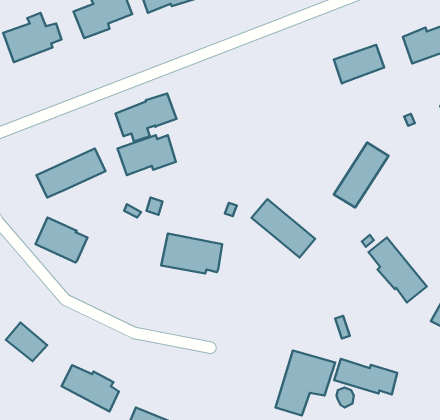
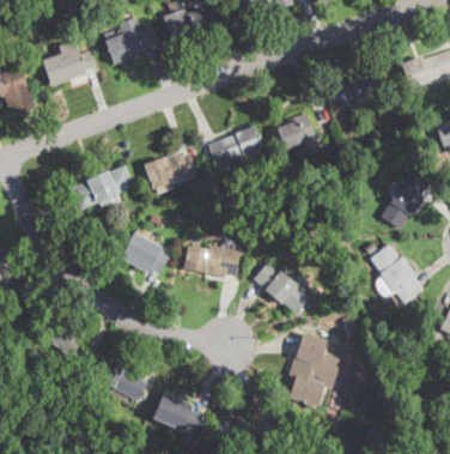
building: none -> [279,111,316,150]
building: [115,94,176,141] -> [207,126,262,169]
building: [334,143,388,208] -> [381,170,430,229]
building: [252,199,315,258] -> [254,261,311,314]
building: [36,217,87,263] -> [122,234,169,274]
building: [334,359,397,394] -> none

